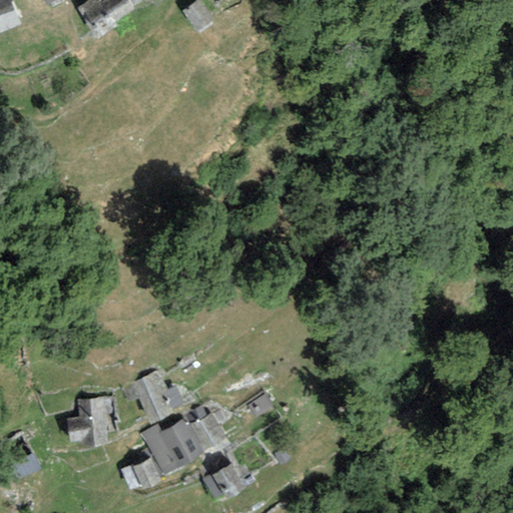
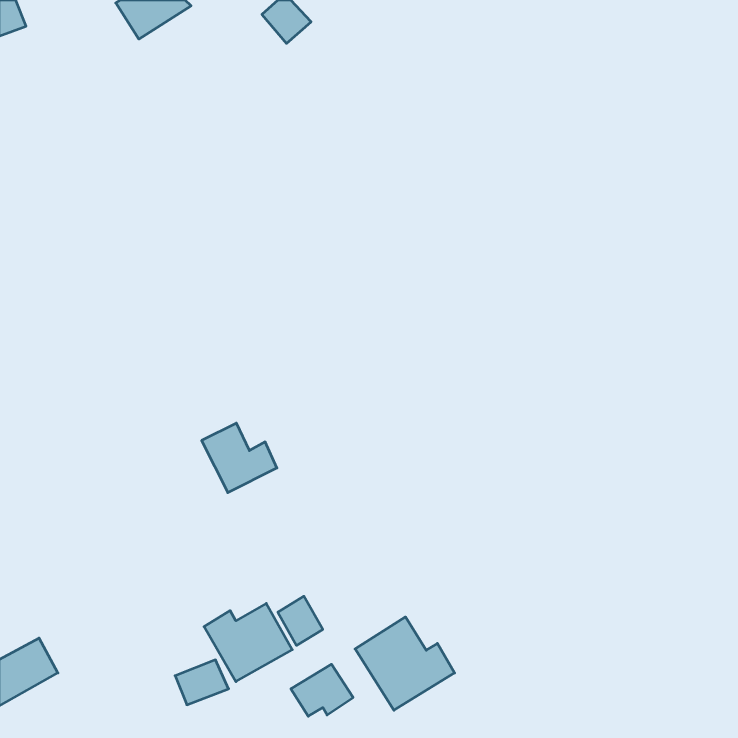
building: [132,372,184,420] -> [202,423,277,493]
building: [66,398,115,445] -> none
building: none -> [355,617,455,710]

